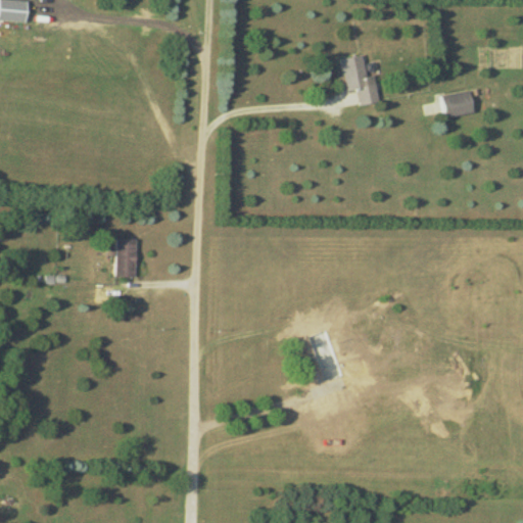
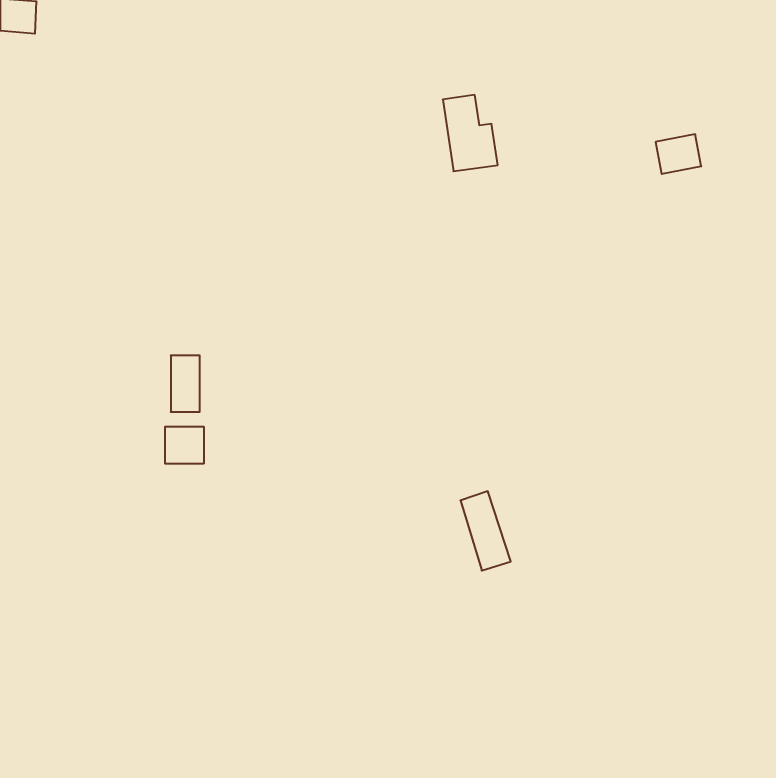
building: [341,54,378,105] -> [443,95,498,171]
building: none -> [165,427,204,464]

